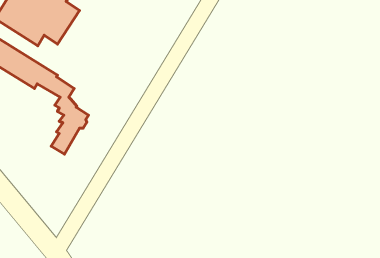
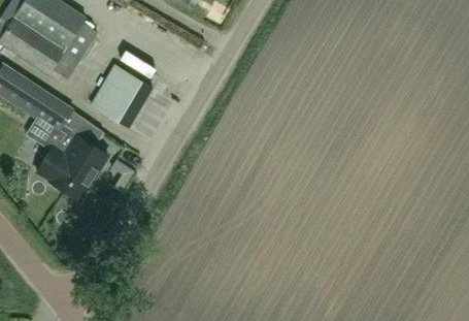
building: none -> [91,65,150,127]
building: none -> [34,118,78,190]

